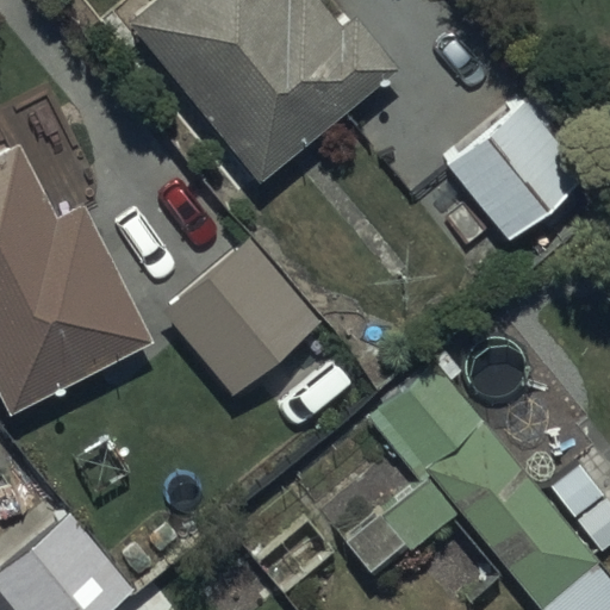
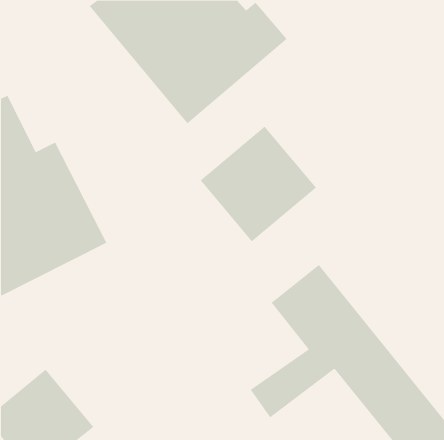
building: [442,102,580,239] -> none
building: [162,239,320,397] -> [200,126,317,242]

